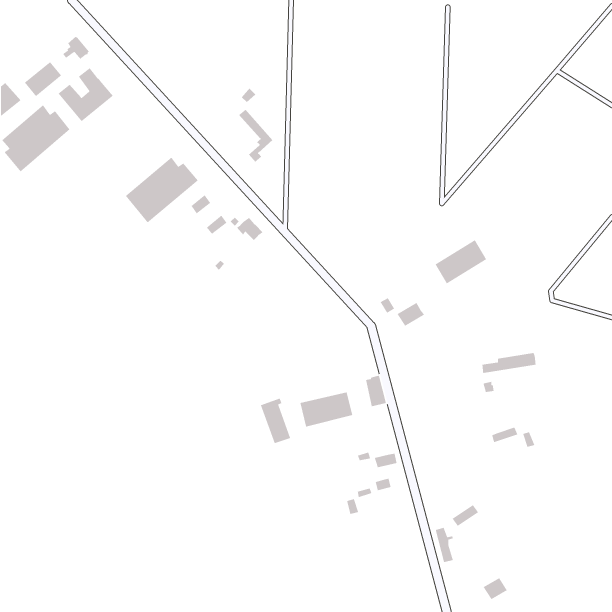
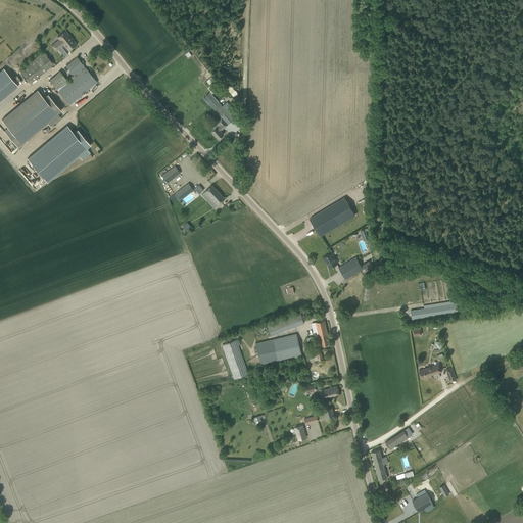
building: [125,156,199,223] -> [28,125,91,182]
building: [434,239,487,285] -> [310,197,354,236]

